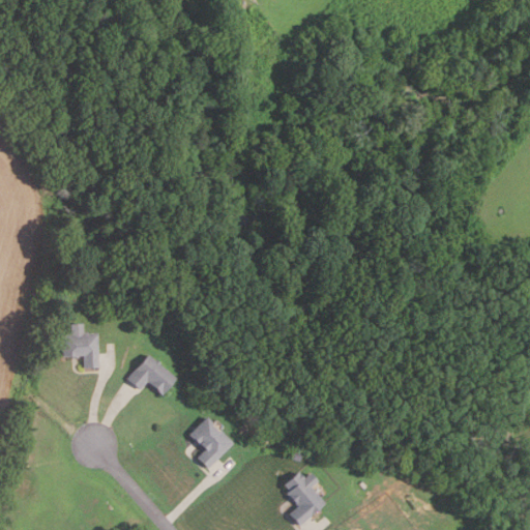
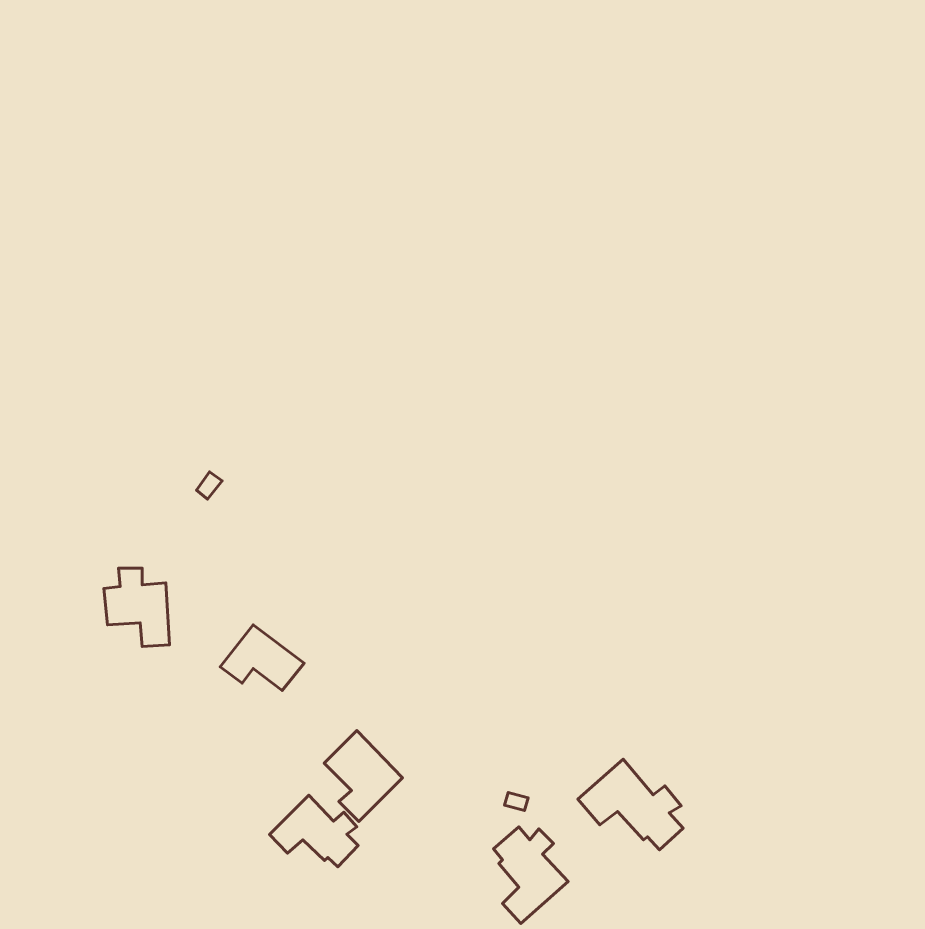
building: none -> [578,759,683,850]
building: none -> [269,795,358,867]

